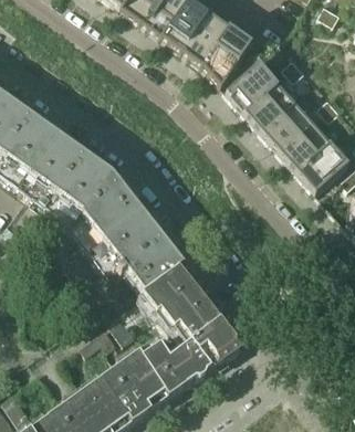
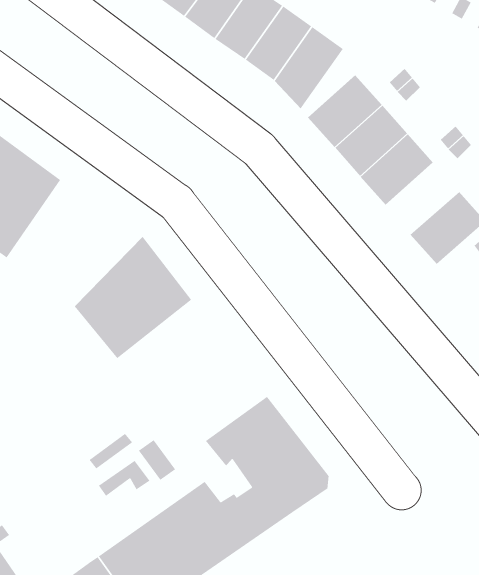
building: [282,117,333,167] -> none
building: [20,129,114,217] -> none
building: [96,212,200,309] -> none

